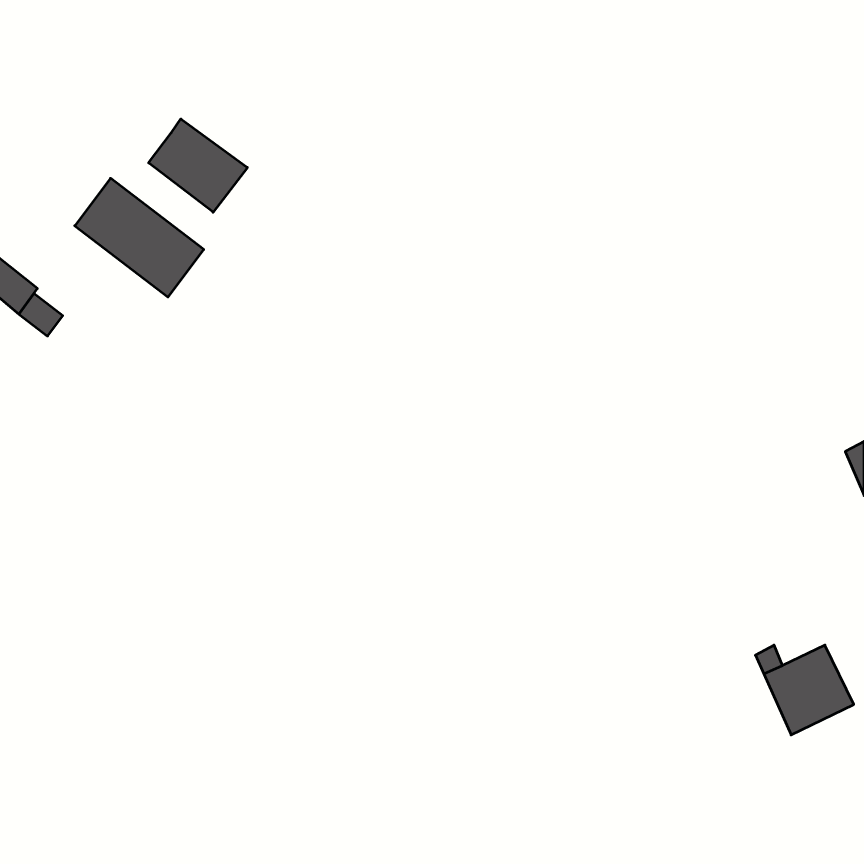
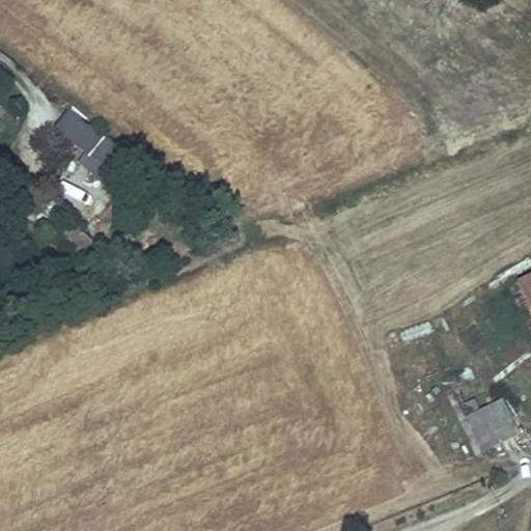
building: [149,119,247,212] -> none

